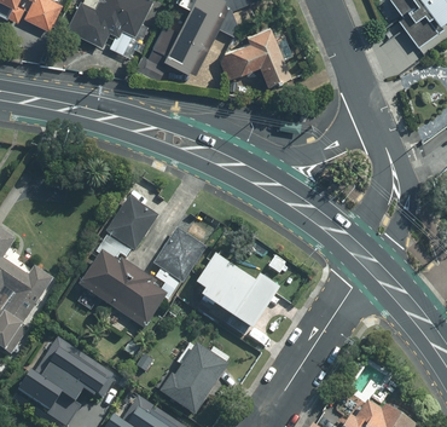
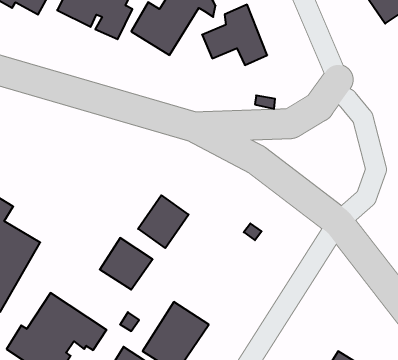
building: [103,192,159,252] -> none
building: [80,252,135,307] -> none
building: [191,252,278,333] -> none

